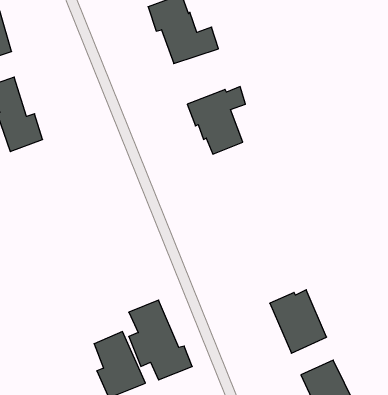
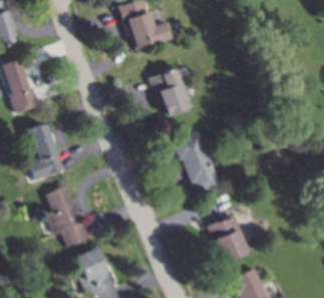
building: none -> [29,123,64,180]
building: none -> [174,132,222,195]
building: [129,300,192,380] -> [46,187,93,246]

